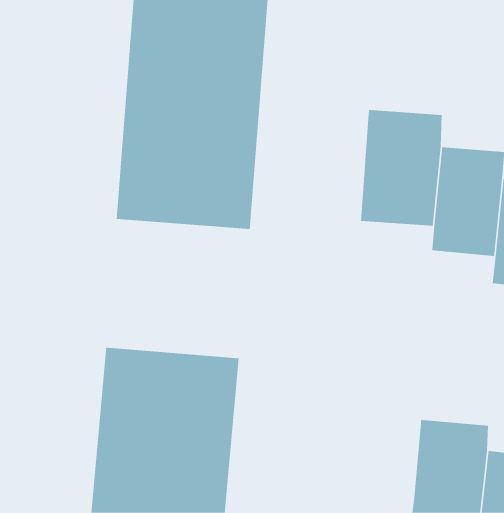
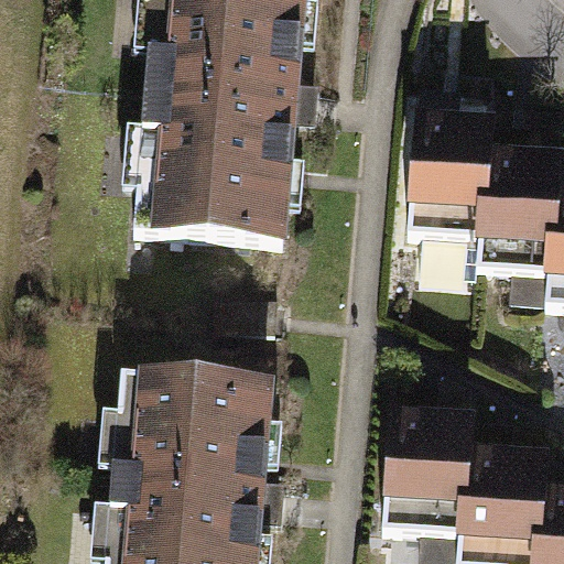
building: none -> [383,420,474,545]

